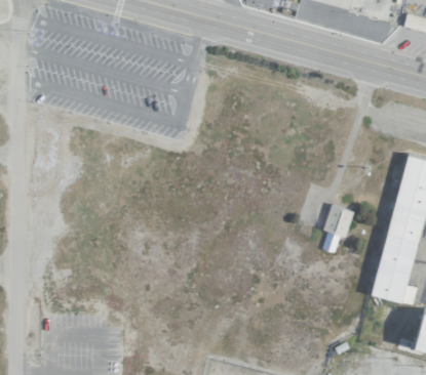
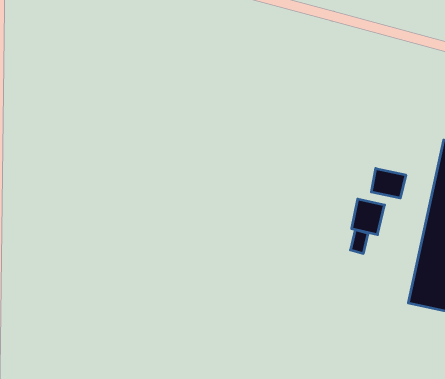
building: none -> [371,168,406,198]

